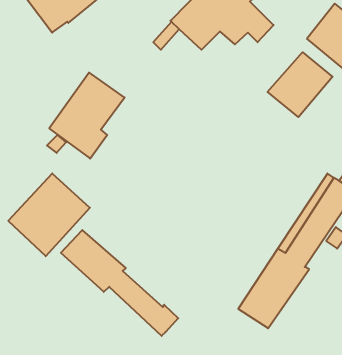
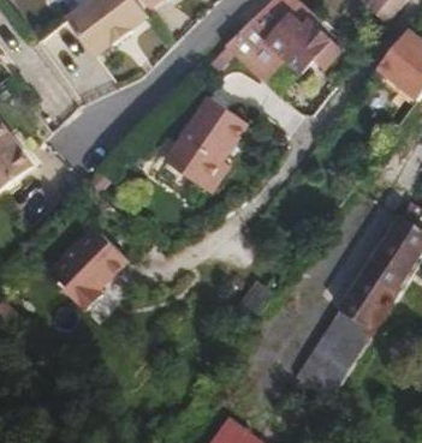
building: [268,52,333,117] -> none
building: [49,73,125,159] -> [165,95,249,191]
building: [61,230,178,336] -> none

